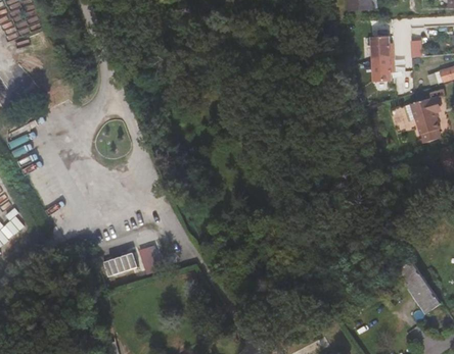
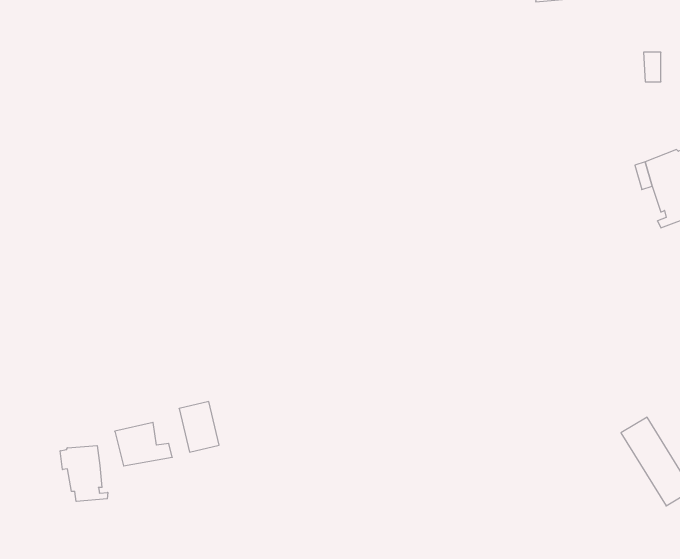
building: [370,36,395,82] -> none
building: none -> [60,446,108,501]

